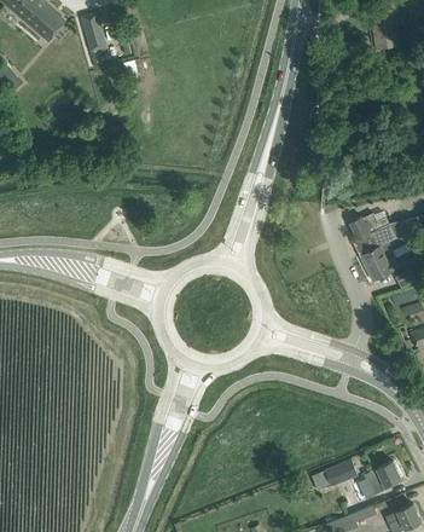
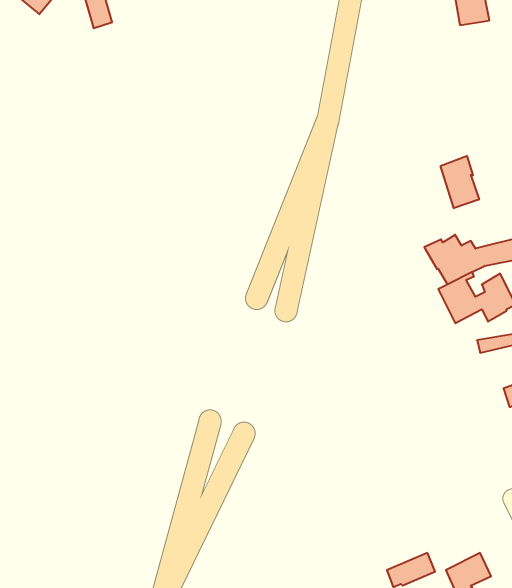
building: none -> [441,156,479,208]

